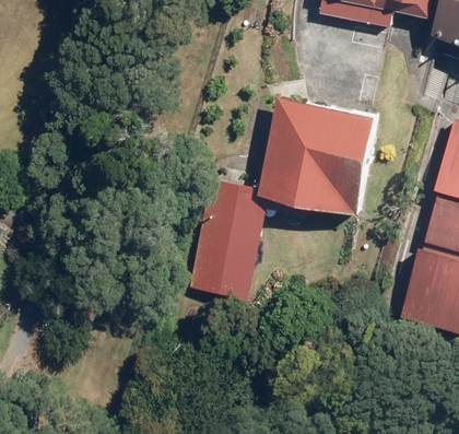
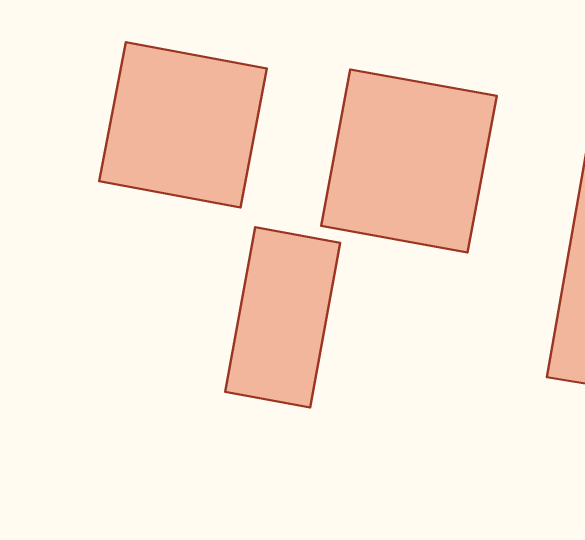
building: none -> [99,42,267,207]

